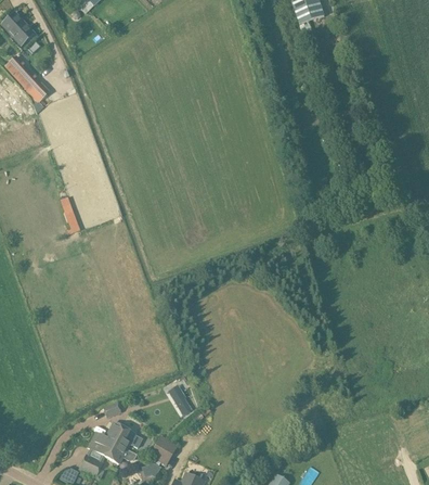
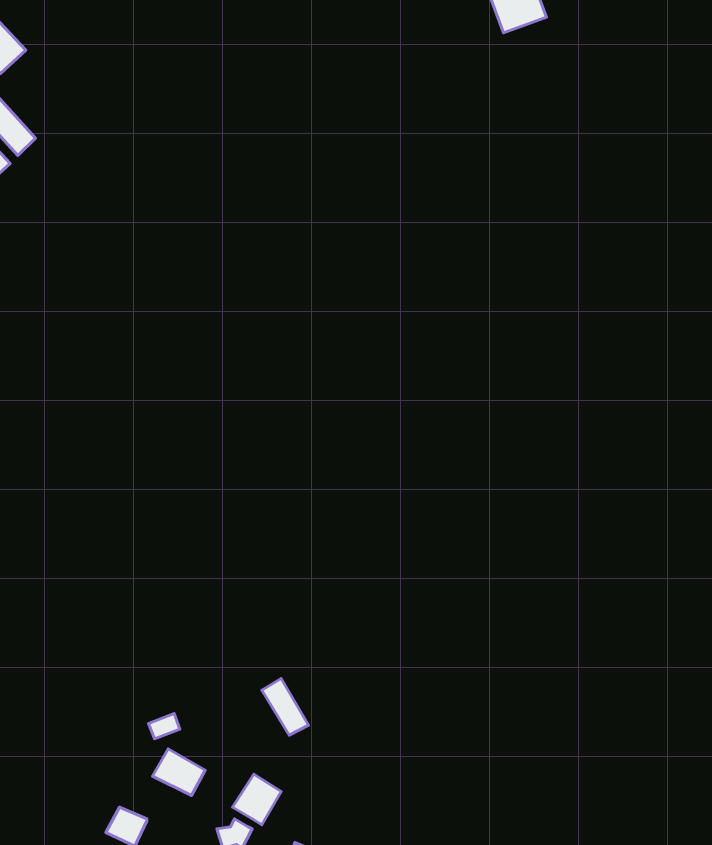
building: [89,432,138,463] -> none

